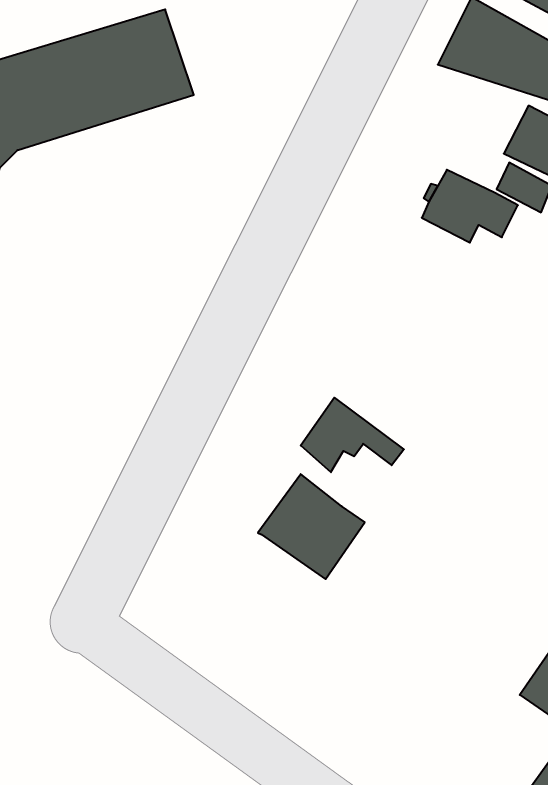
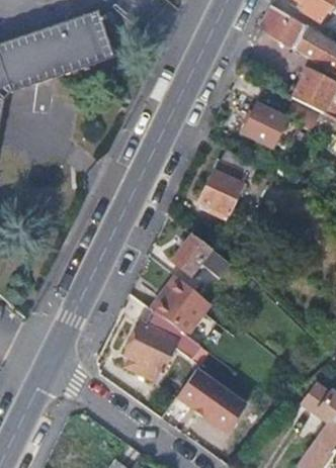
building: none -> [200,164,246,222]
building: none -> [124,311,195,382]
building: none -> [175,370,246,434]

